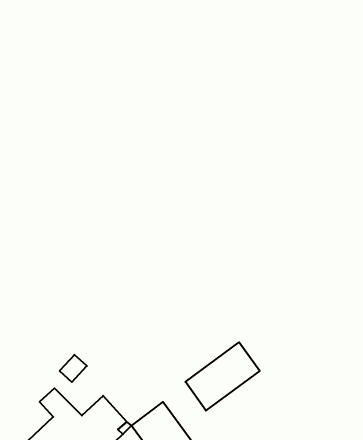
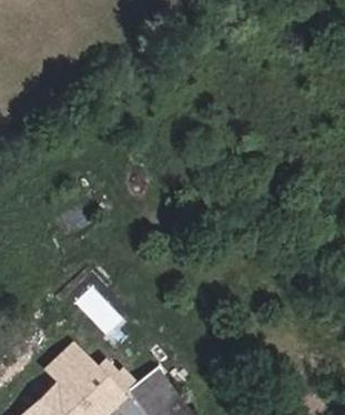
building: [185,342,260,411] -> none

